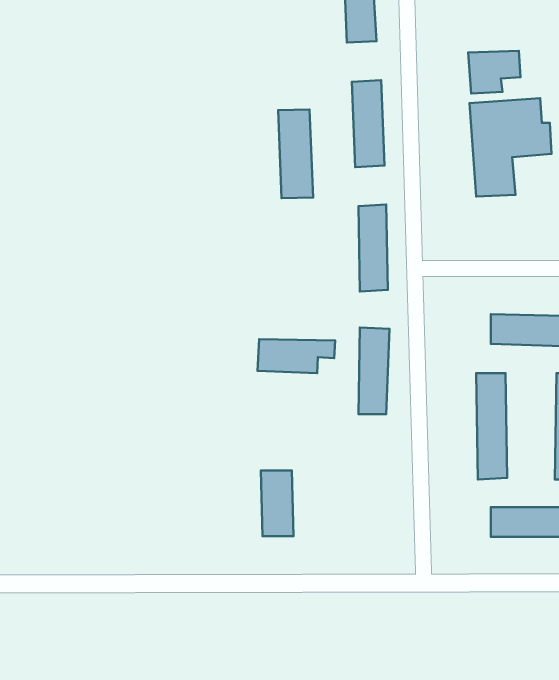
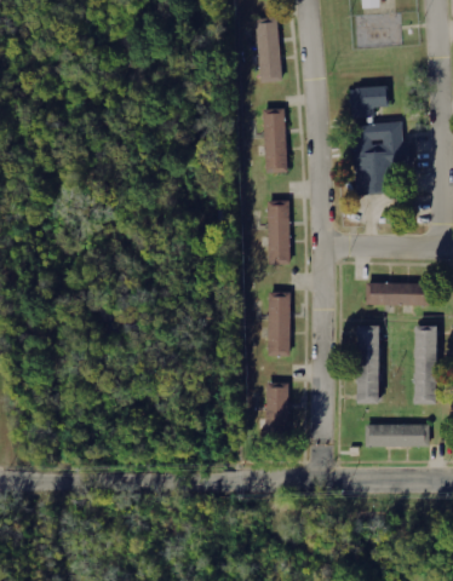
building: [278,110,313,198] -> none
building: [258,339,335,373] -> none
building: [261,471,294,536] -> [265,384,289,432]

